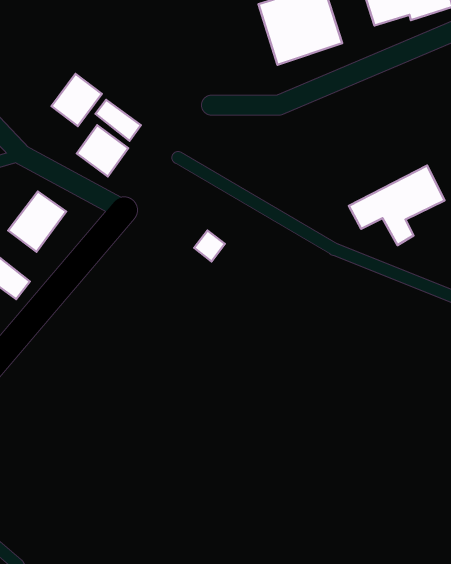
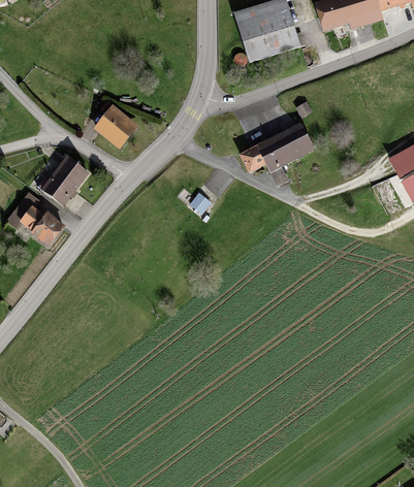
building: [52,74,102,126] -> none
building: [95,100,141,141] -> none
building: [349,165,445,245] -> [240,124,313,185]

